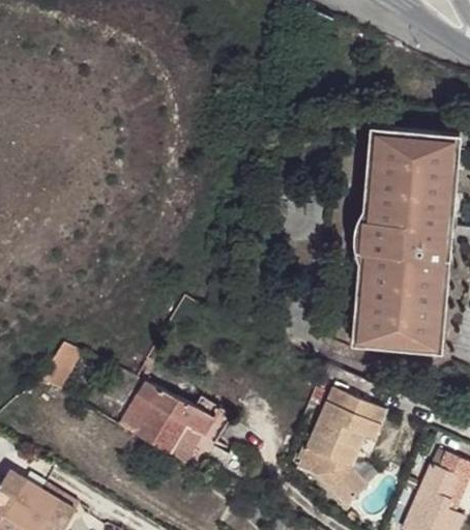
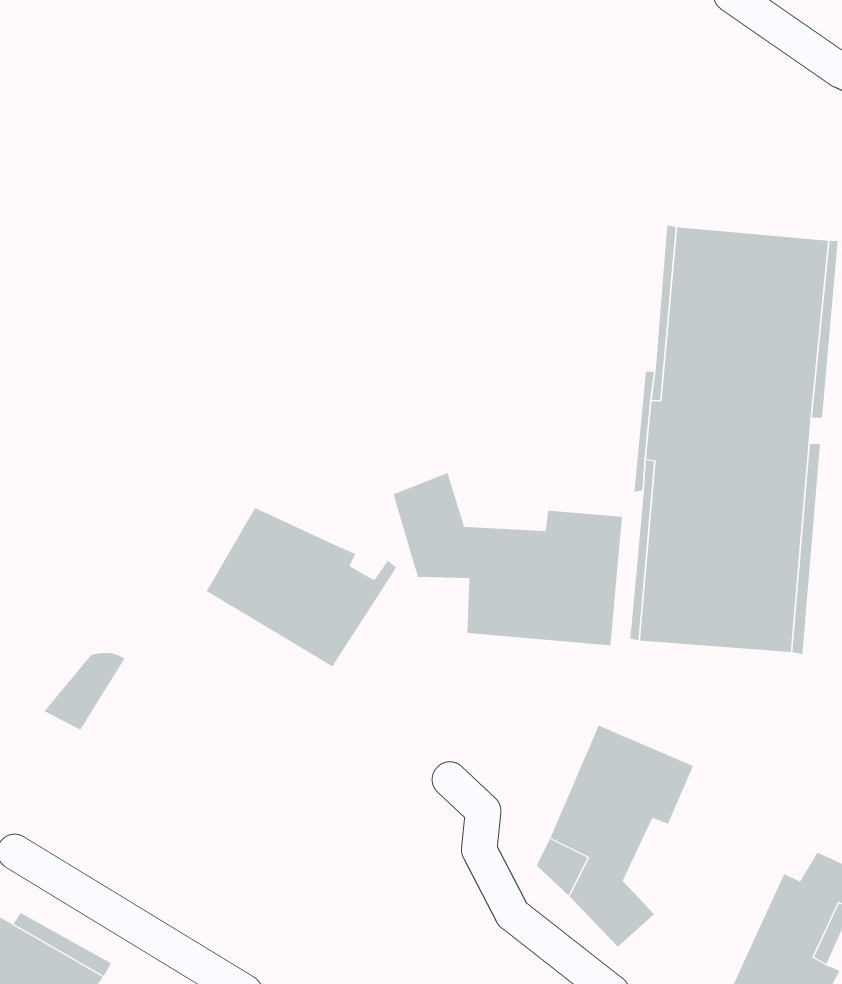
building: none -> [393,472,622,646]
building: [119,380,221,465] -> [206,507,397,667]

